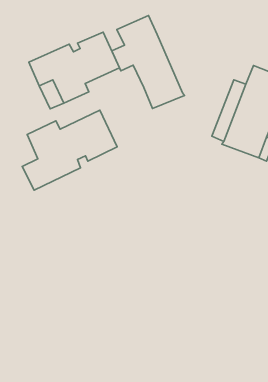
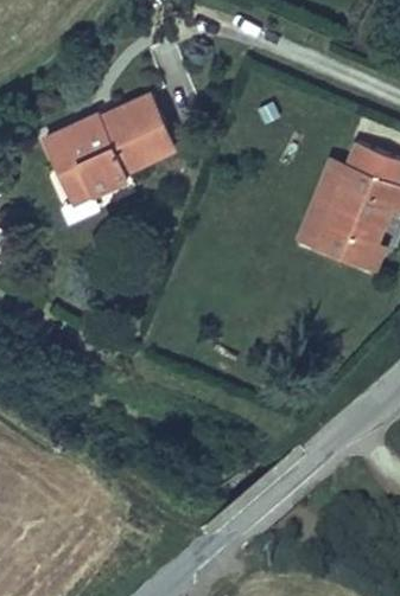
building: [112,15,184,109] -> none
building: [22,110,117,190] -> none

